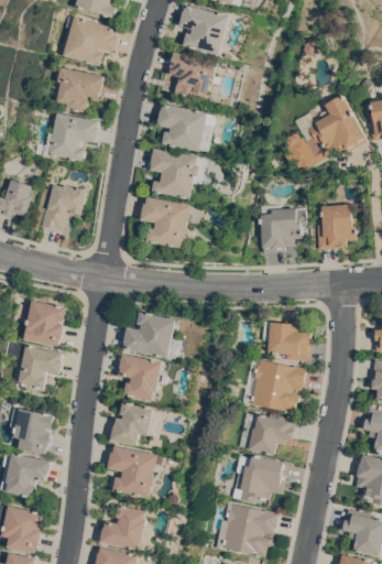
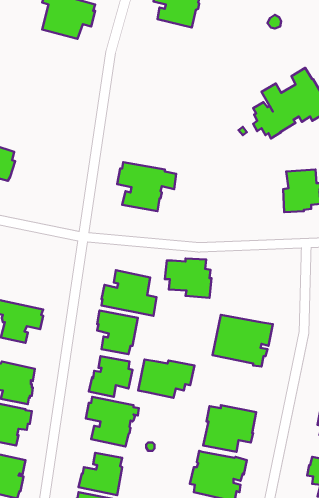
building: [170,52,218,98] -> none
building: [55,67,103,112] -> none
building: [157,104,217,152] -> none
building: [33,112,97,161] -> none
building: [151,148,210,198] -> none
building: [41,184,87,231] -> none
building: [260,204,307,253] -> none
building: [22,300,66,345] -> none
building: [263,319,313,361] -> [165,258,211,298]
building: [238,412,297,453] -> [138,359,194,398]

